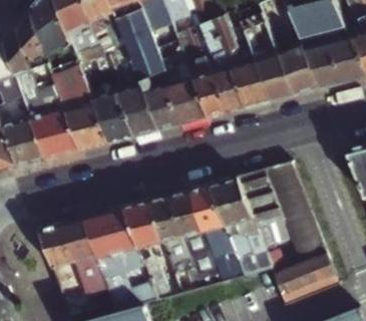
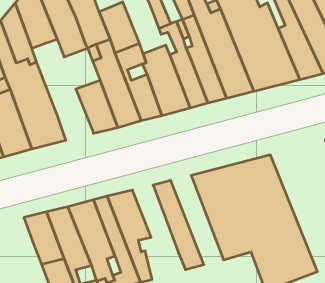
building: [51,59,109,149] -> none
building: [189,186,243,277] -> none
building: [149,196,197,271] -> none

